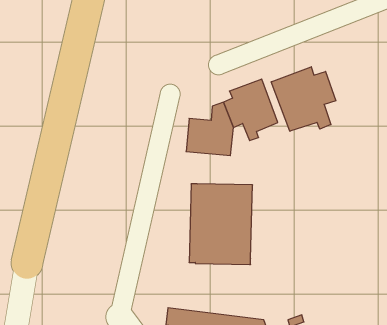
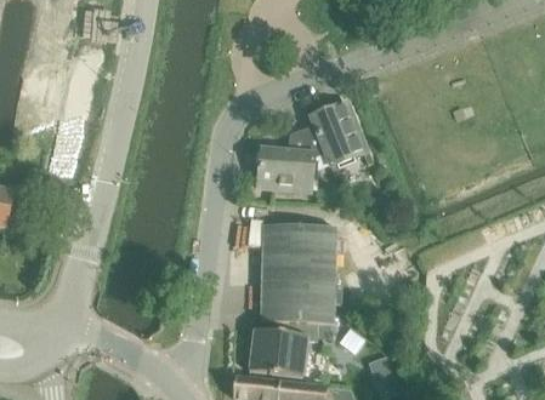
building: [271,67,336,131] -> none
building: none -> [248,321,334,375]

